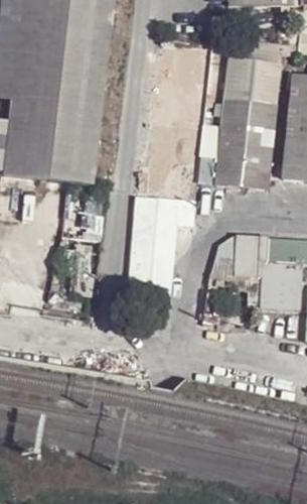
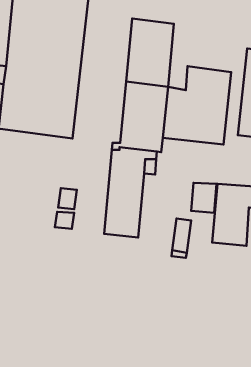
building: [226,38,285,105] -> none

